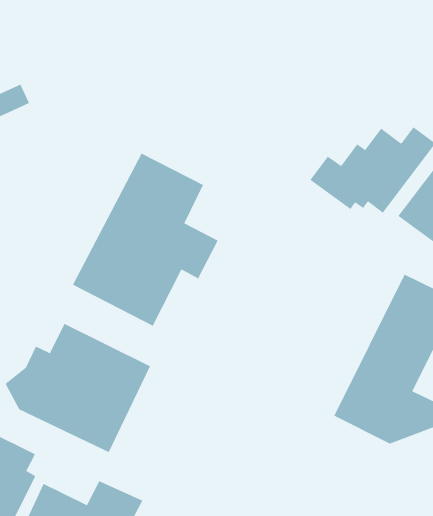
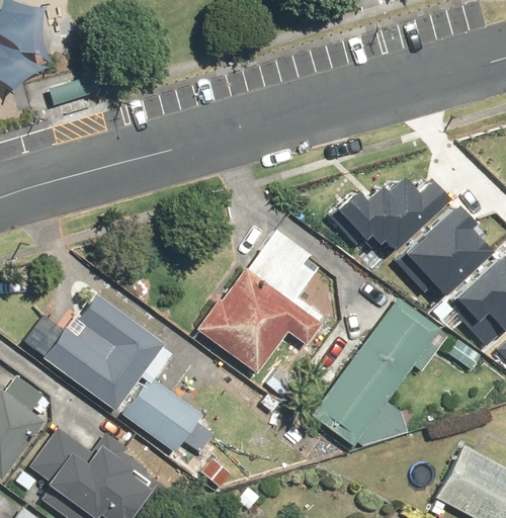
building: [72,153,218,327] -> [192,228,326,380]
building: none -> [120,375,222,457]

